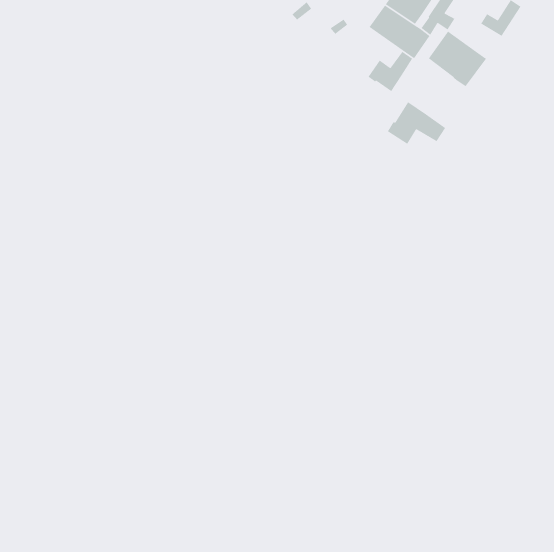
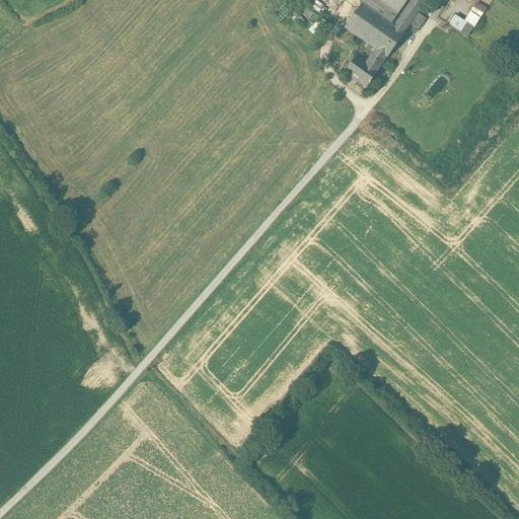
building: [428,30,487,87] -> none
building: [387,101,446,145] -> none

